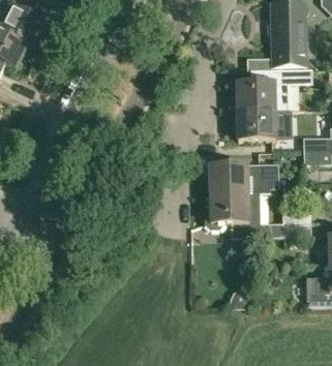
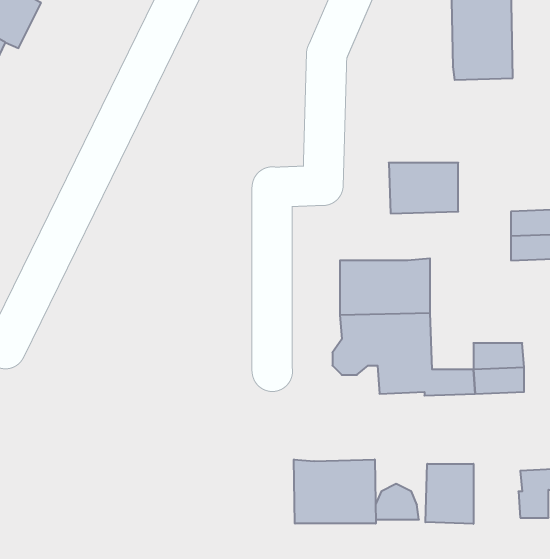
building: [236,68,306,111] -> none
building: none -> [294,459,376,524]
building: none -> [425,464,473,524]

